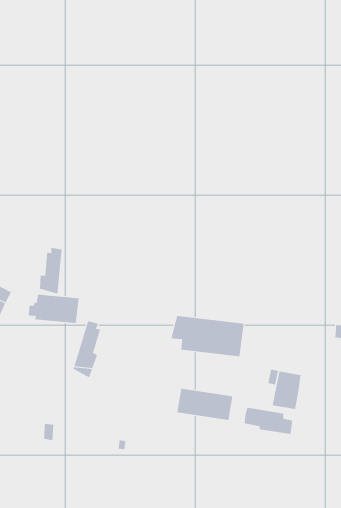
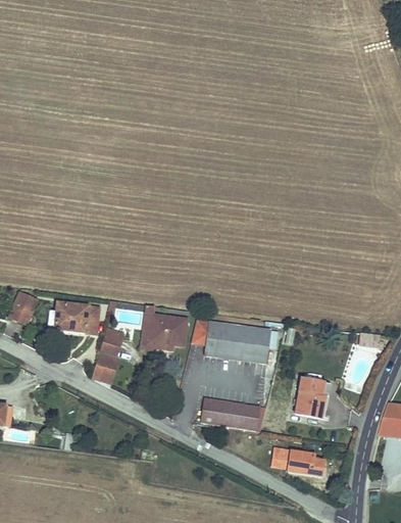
building: [40,247,62,294] -> none
building: none -> [141,304,187,350]
building: [244,407,293,435] -> [273,446,323,474]

